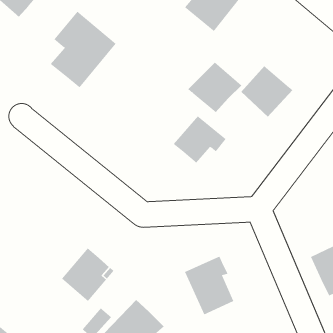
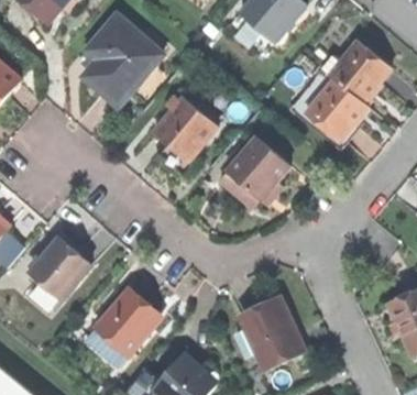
building: [188,62,242,113] -> [328,43,392,102]
building: none -> [155,99,218,162]
building: none -> [30,238,89,298]

